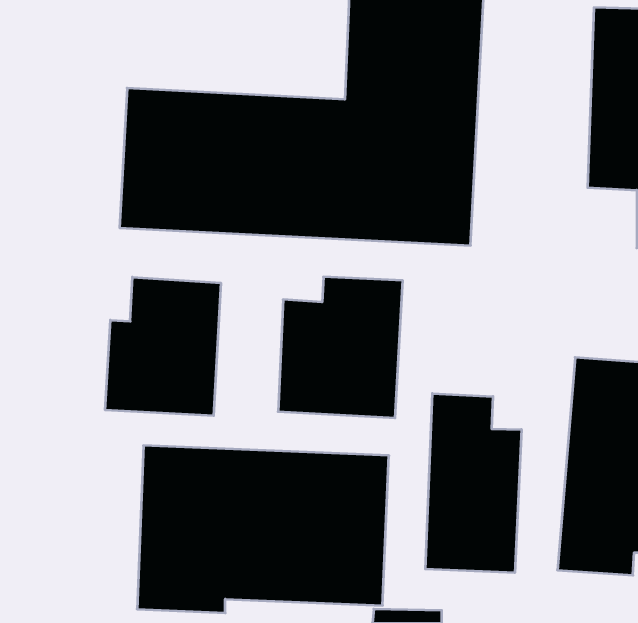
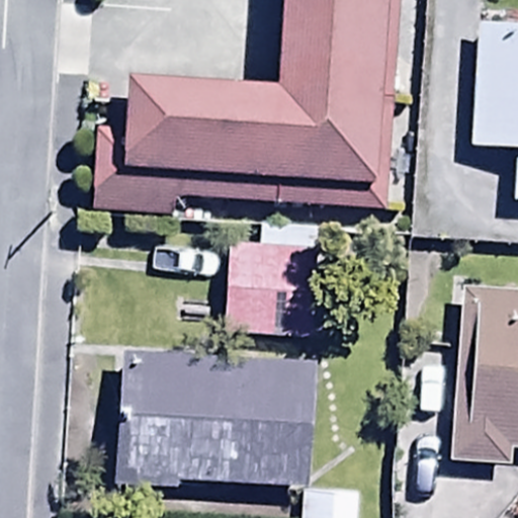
building: [105,277,221,416] -> none
building: [425,393,521,573] -> none

